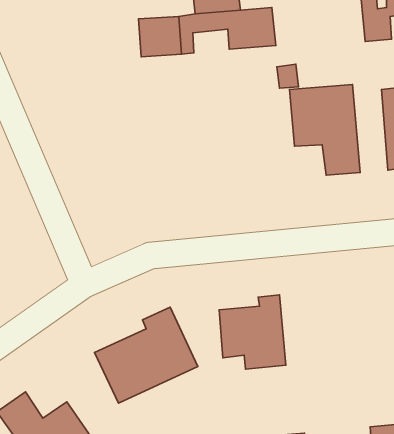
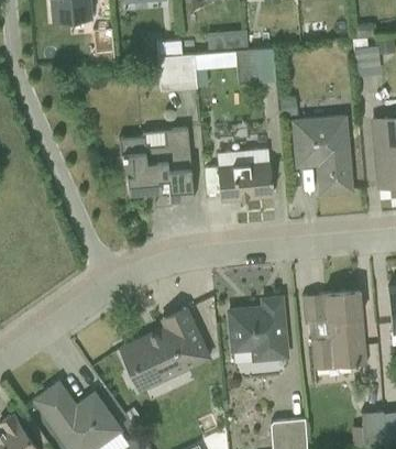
building: none -> [119,128,194,202]
building: none -> [218,162,273,201]
building: none -> [303,291,366,370]

